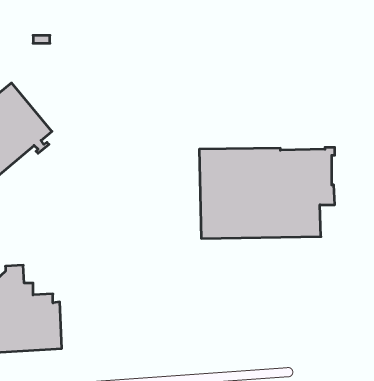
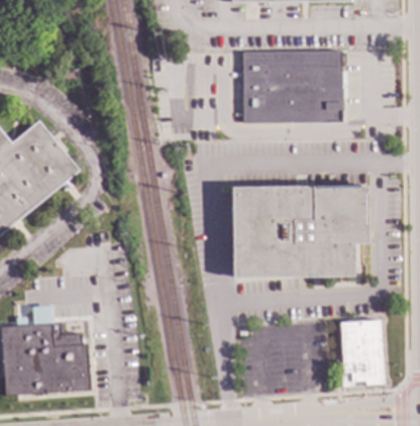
building: none -> [242,50,347,123]
building: none -> [339,319,385,388]

